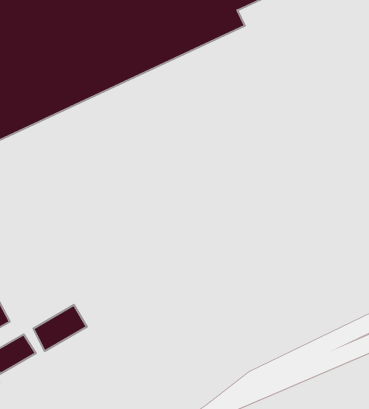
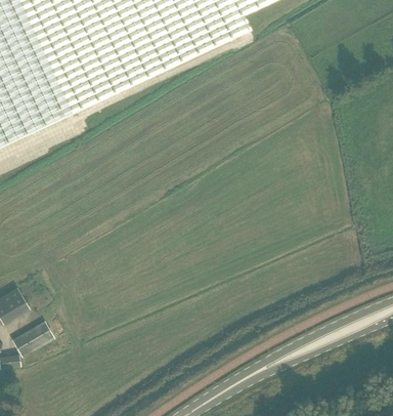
building: [33,305,87,351] -> none

